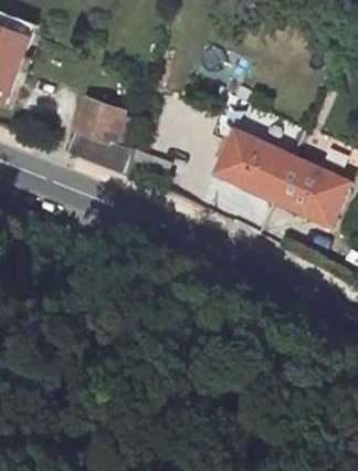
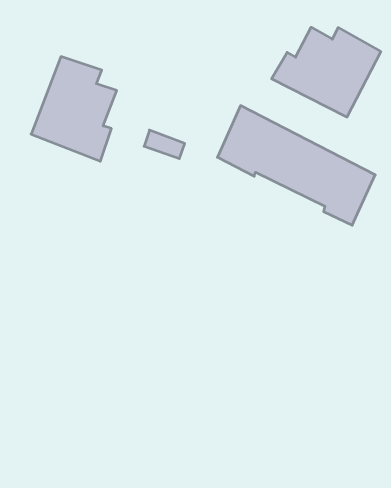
building: none -> [272,27,381,117]

